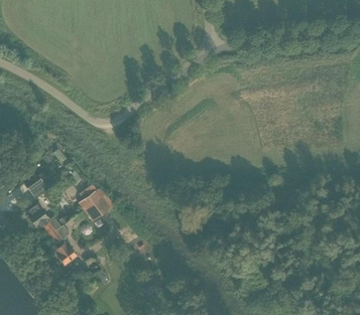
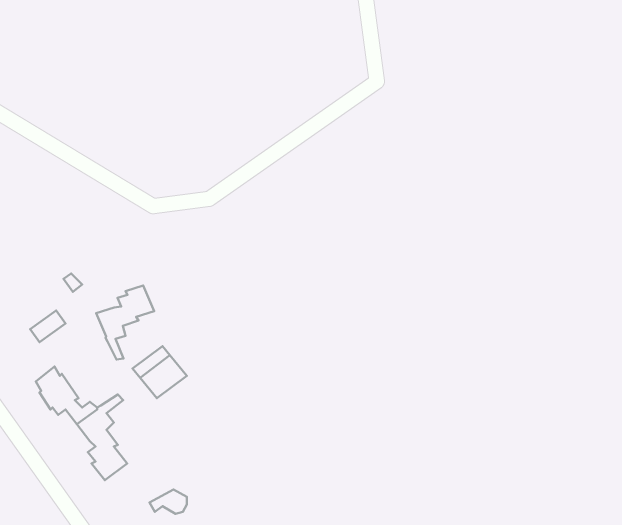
building: none -> [96,286,154,360]

